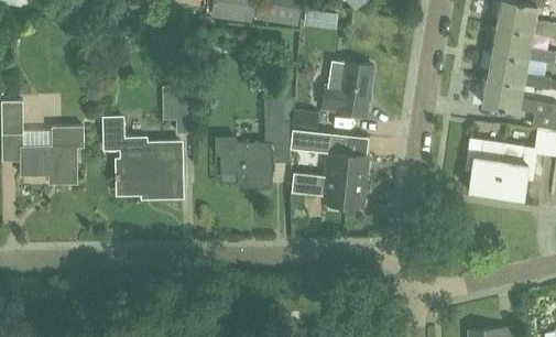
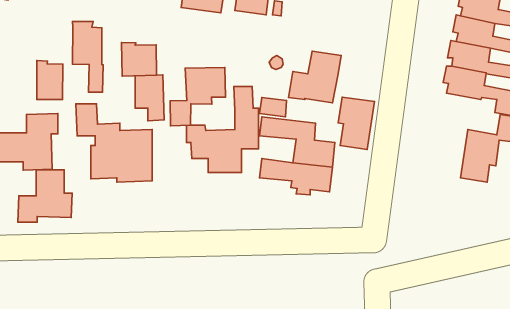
building: none -> [73,22,103,92]
building: none -> [121,43,156,76]
building: none -> [37,61,63,100]
building: none -> [170,67,225,126]
building: [467,139,504,193] -> [338,97,375,150]
building: none -> [18,170,72,222]

